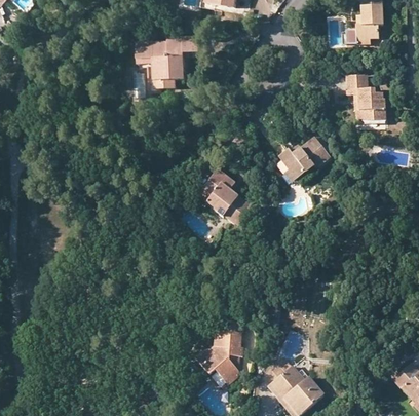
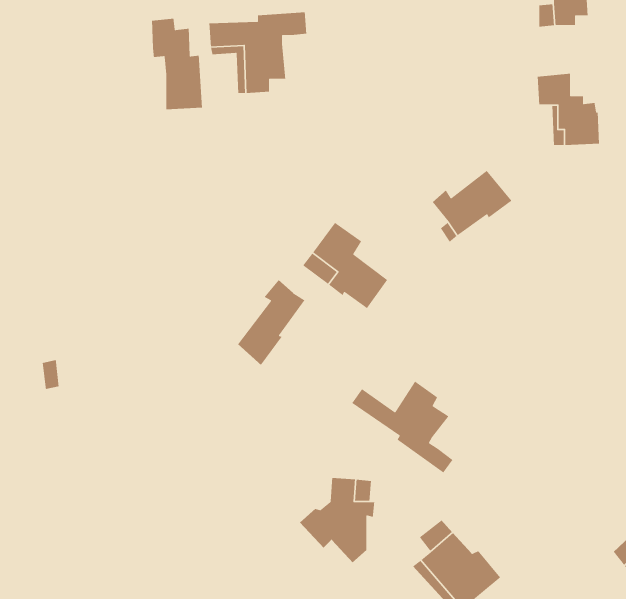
building: none -> [151,18,203,110]
building: none -> [237,279,306,366]
building: none -> [351,380,453,474]

